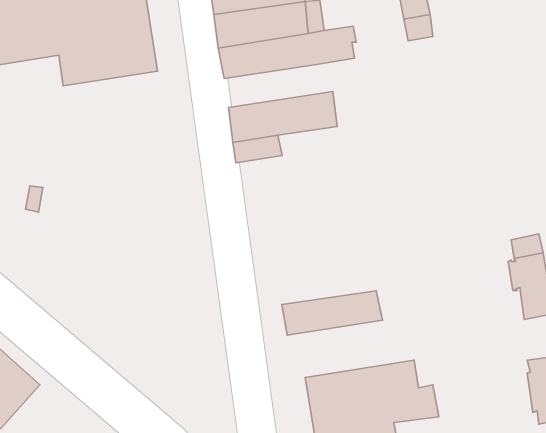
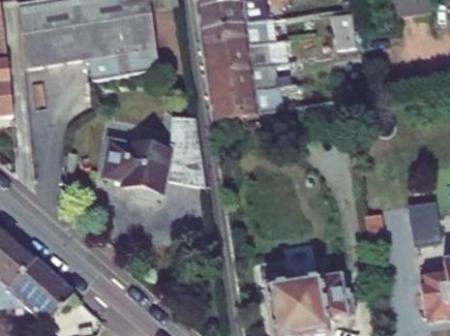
building: none -> [206,63,295,94]
building: none -> [102,116,205,196]
building: [282,291,383,335] -> none

